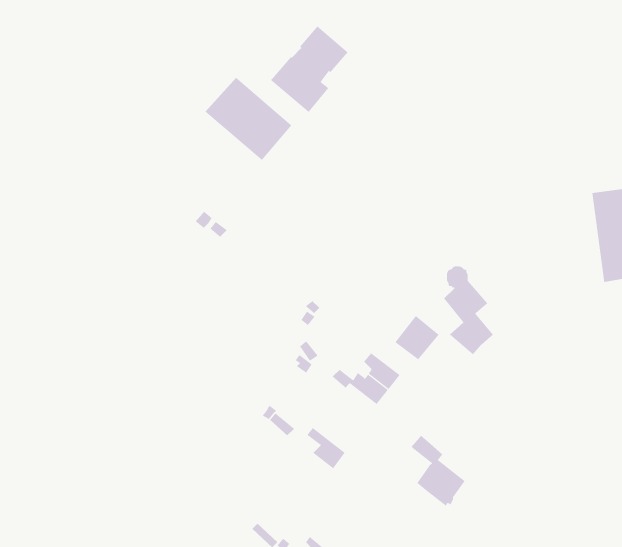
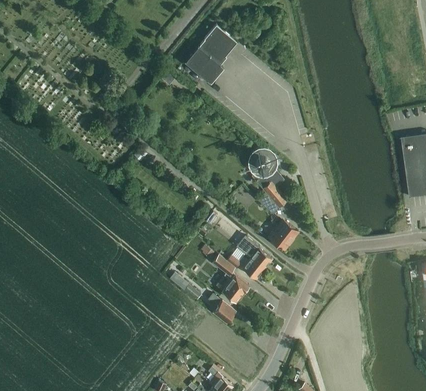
building: [205,77,292,161] -> none
building: [443,266,494,355] -> [253,154,287,214]
building: [410,435,466,507] -> [212,254,249,302]

